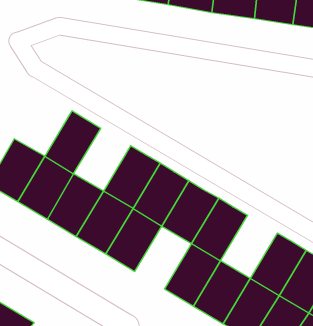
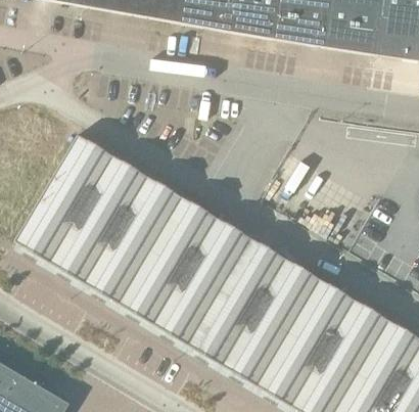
building: none -> [47,135,114,210]
building: none -> [117,177,183,250]
building: none -> [288,279,355,353]
building: none -> [188,291,254,365]

